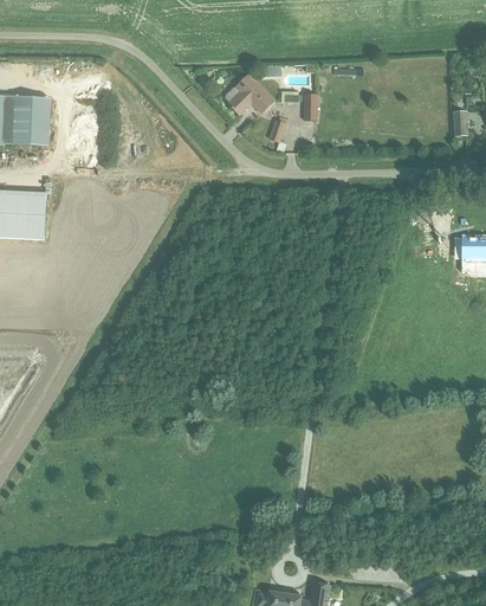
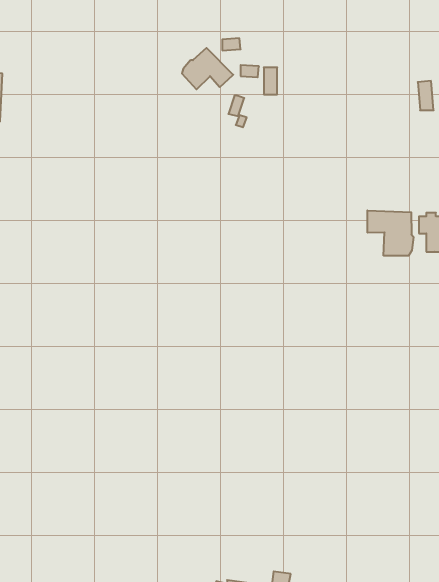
building: none -> [367,210,413,256]

